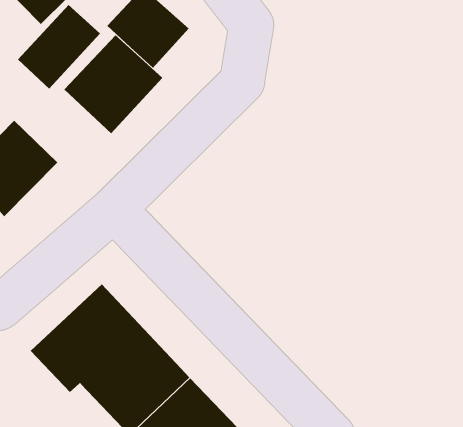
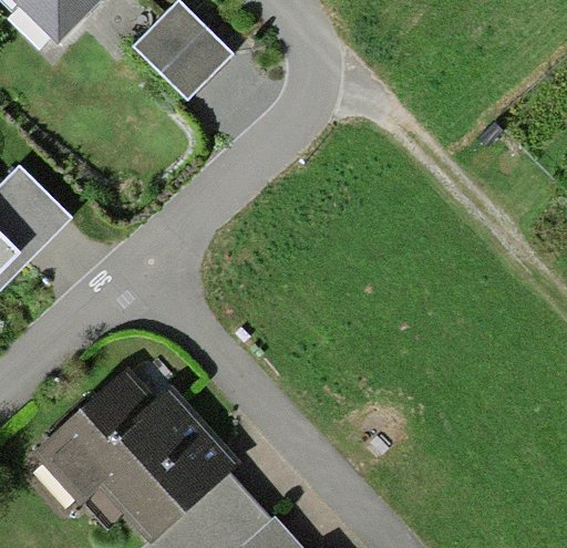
building: [17,4,101,89] -> none
building: [63,34,163,134] -> none

